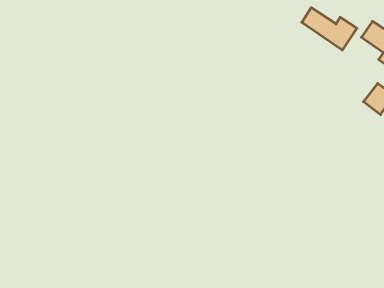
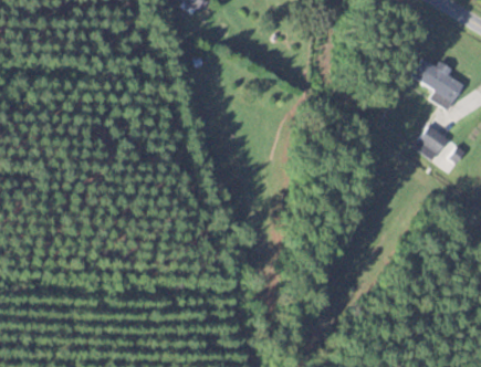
building: [302,8,357,50] -> none

